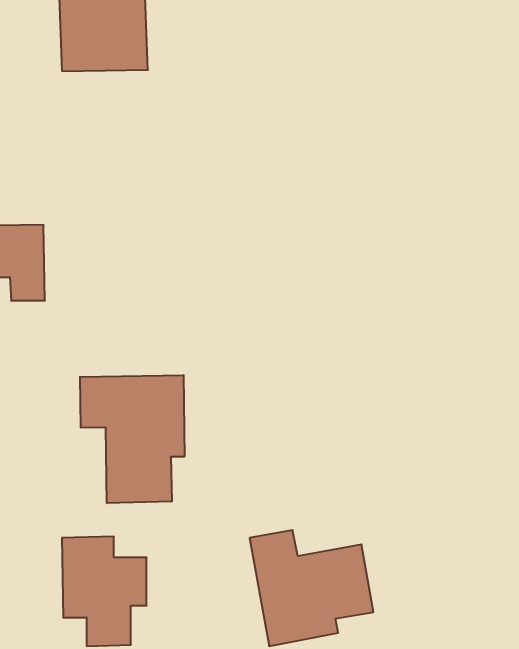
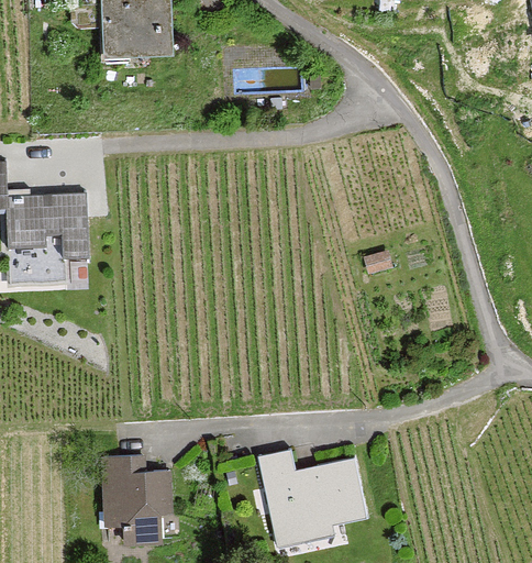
building: [80,375,184,503] -> none

